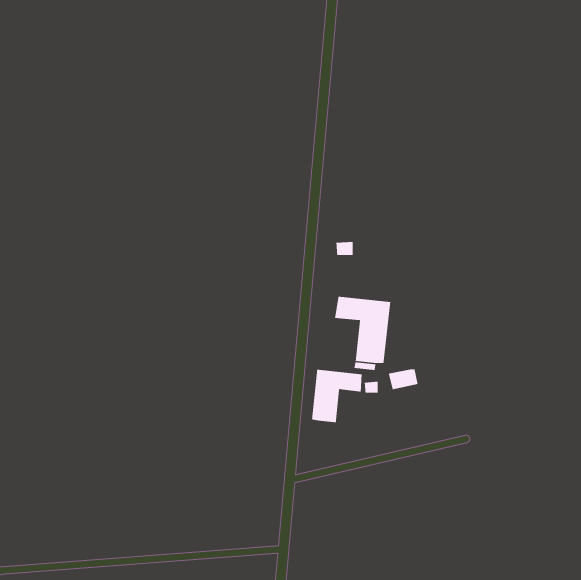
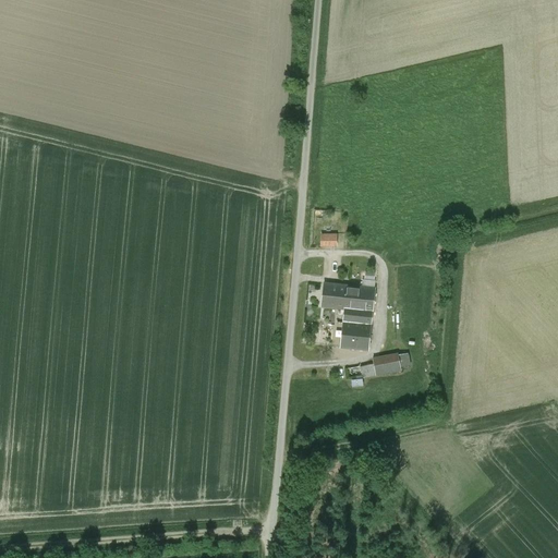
building: [311,369,363,423] -> none

